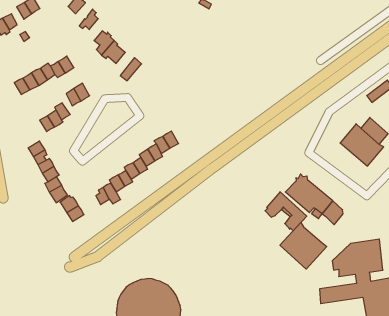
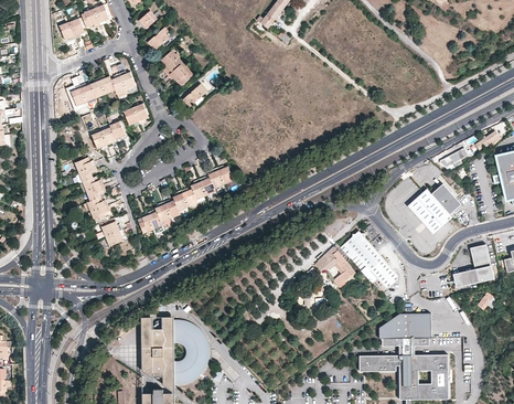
building: [280,223,327,269] -> none

